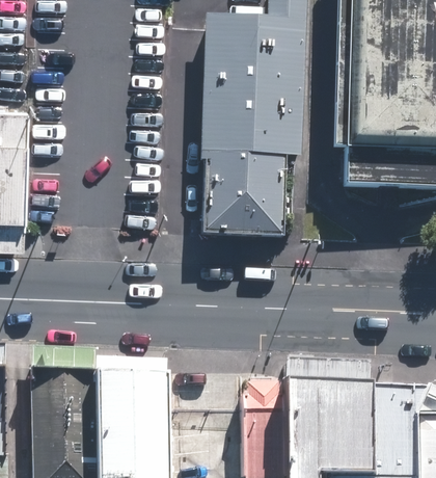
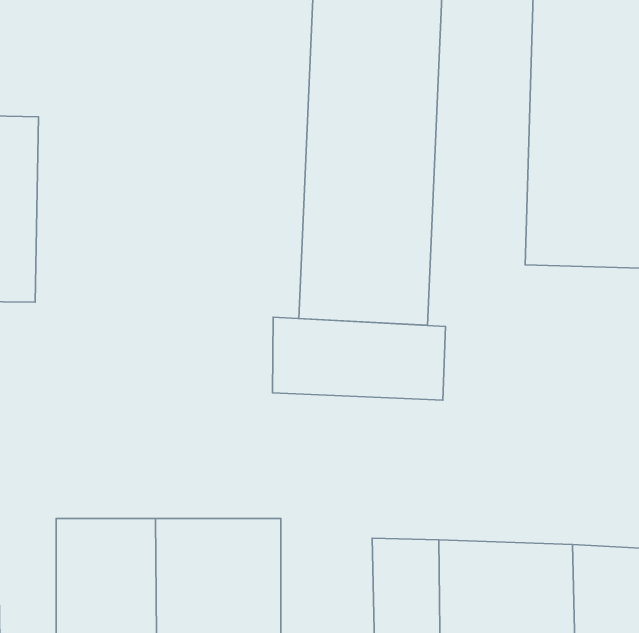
building: none -> [272,317,445,400]

